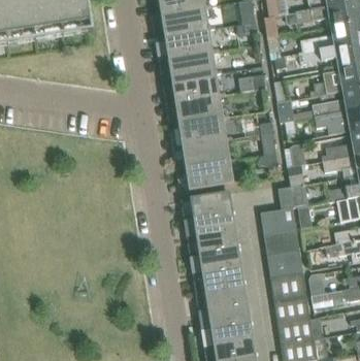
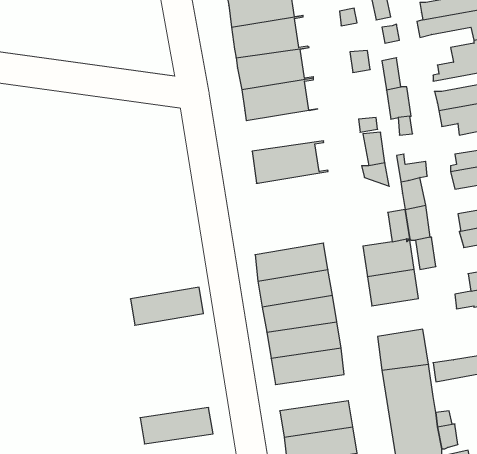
building: [178,114,233,144] -> none
building: [186,159,240,190] -> none
building: [182,191,233,218] -> [130,287,203,325]
building: [267,249,303,275] -> none
building: [199,302,251,328] -> [140,408,213,444]

